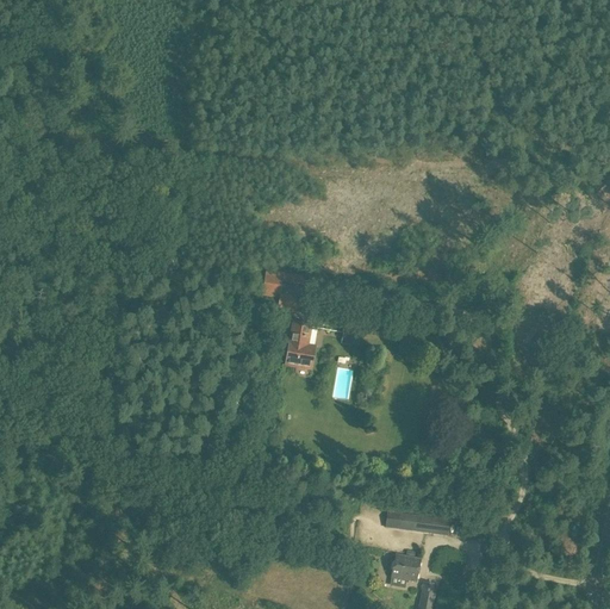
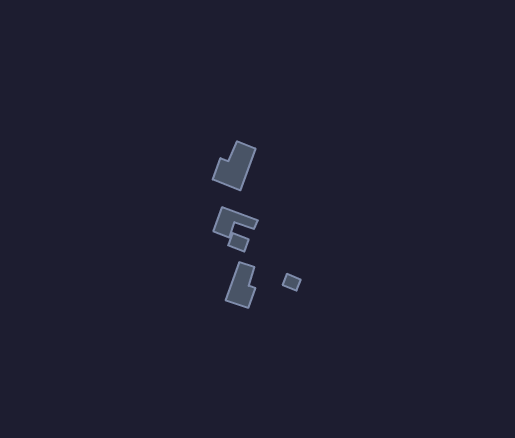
building: none -> [213,141,255,190]

